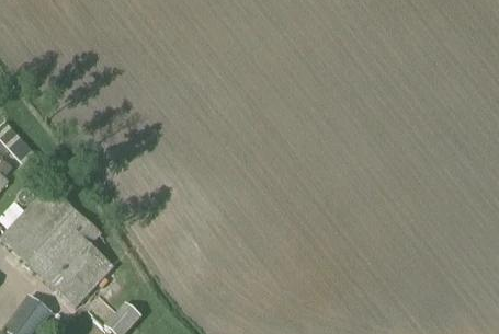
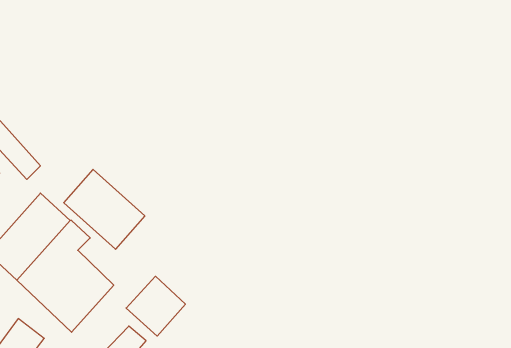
building: none -> [64,169,145,249]
building: none -> [126,276,185,336]

